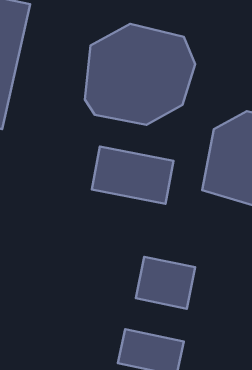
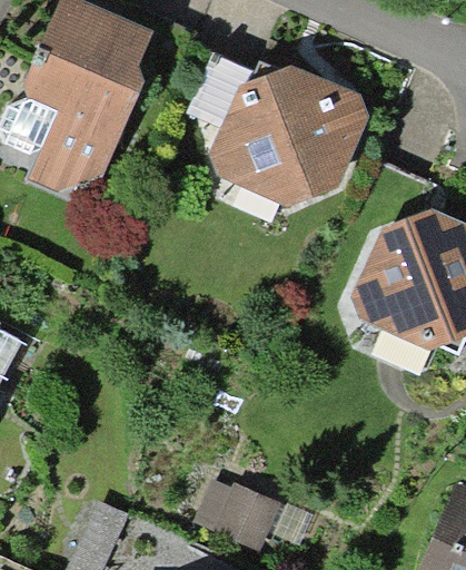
building: [92,147,173,204] -> none
building: [136,257,195,309] -> none

